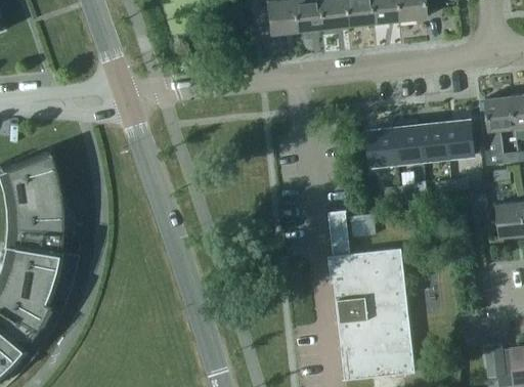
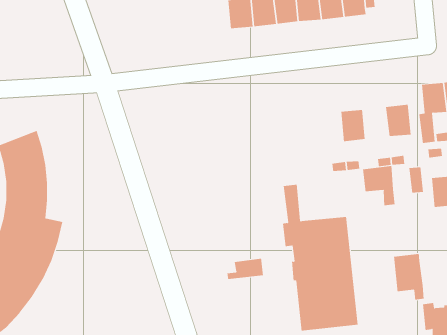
building: [419,124,448,161] -> none
building: [366,129,396,166] -> none
building: none -> [362,165,395,206]
building: none -> [393,253,424,300]
building: none -> [227,258,264,280]

